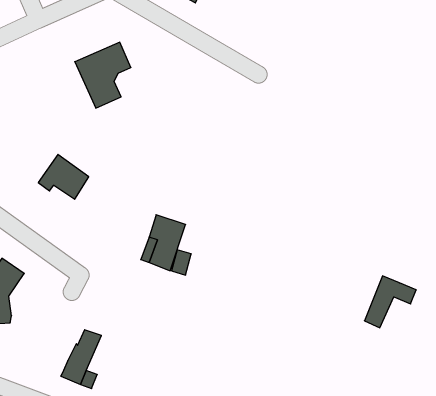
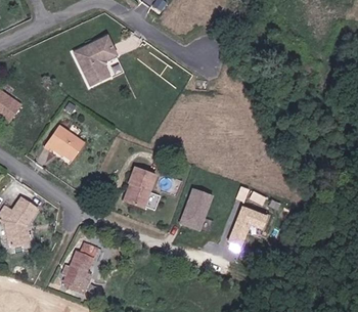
building: none -> [179,189,211,230]
building: [364,276,416,328] -> [229,207,267,244]

